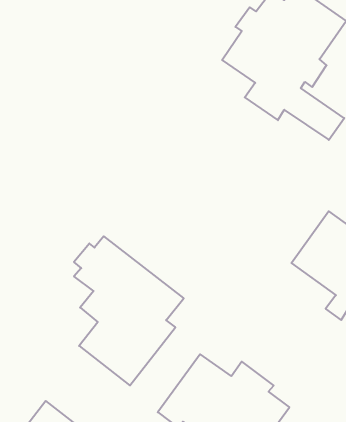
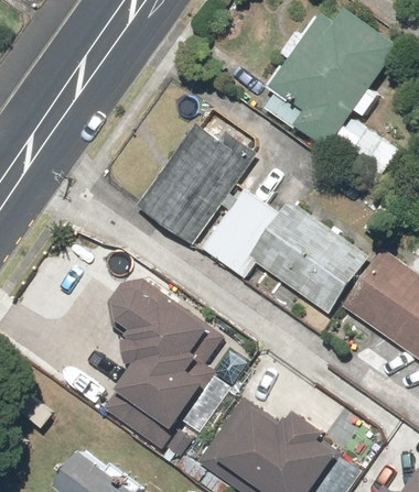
building: none -> [135,122,257,244]
building: none -> [203,188,370,314]

